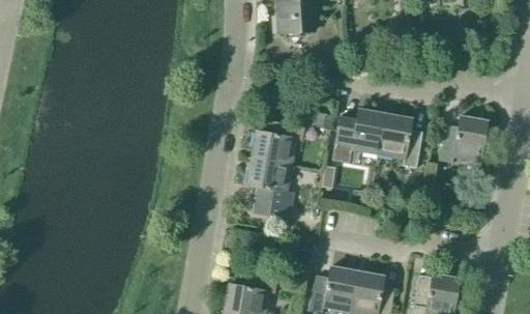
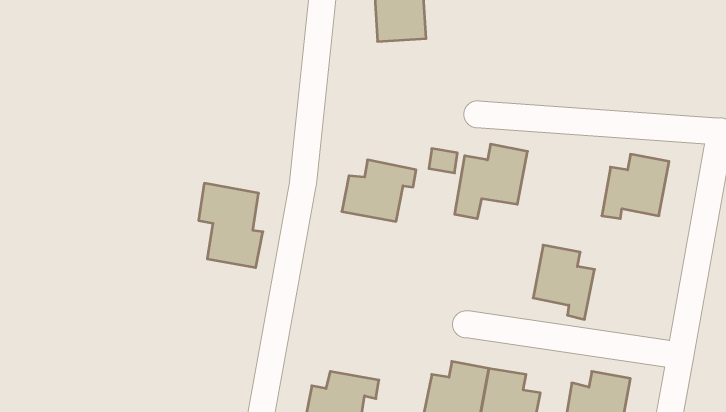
building: [378,113,422,167] -> [533,245,595,319]
building: [246,156,293,218] -> [199,183,263,268]

